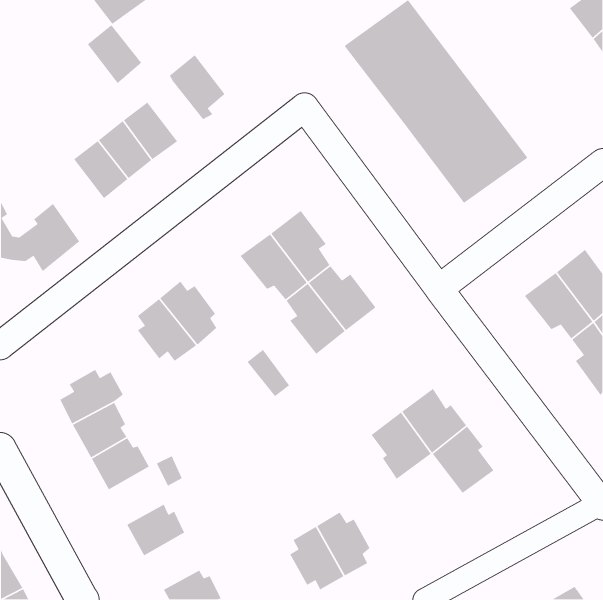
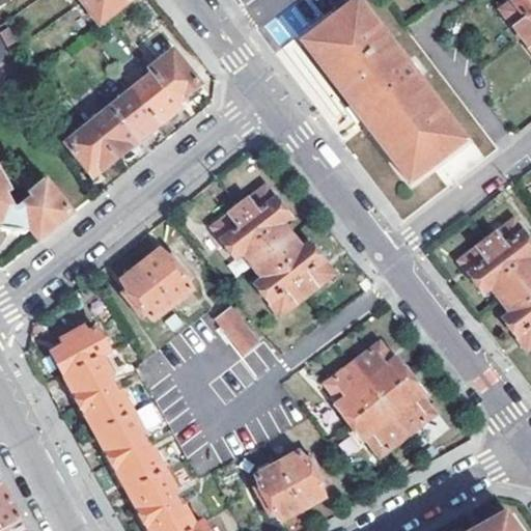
building: [87,24,142,84] -> [130,72,178,124]
building: none -> [348,399,407,454]
building: none -> [95,411,144,462]
building: none -> [127,469,175,519]

